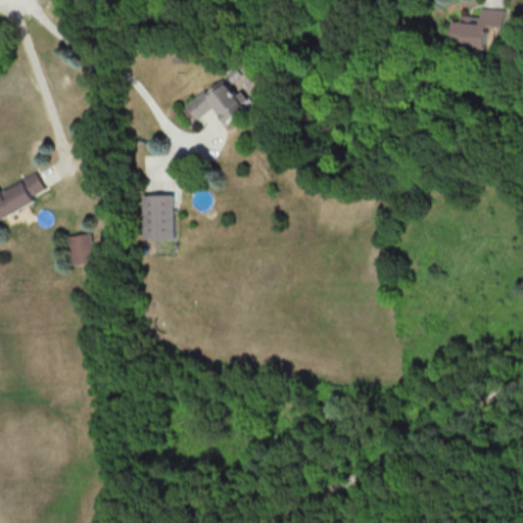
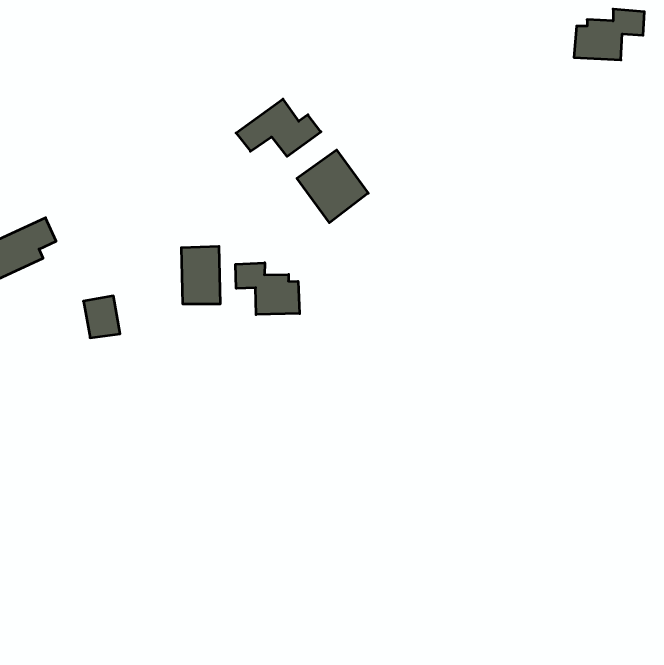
building: none -> [297,150,368,223]
building: none -> [236,263,300,315]

